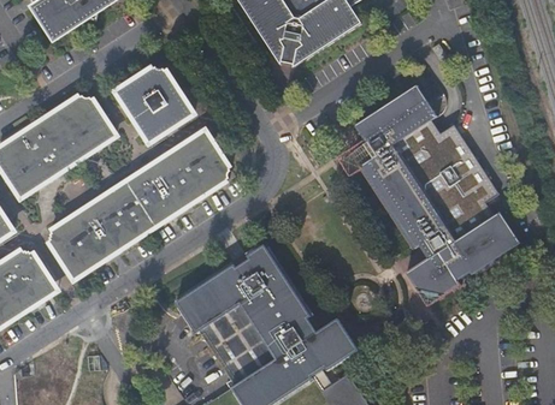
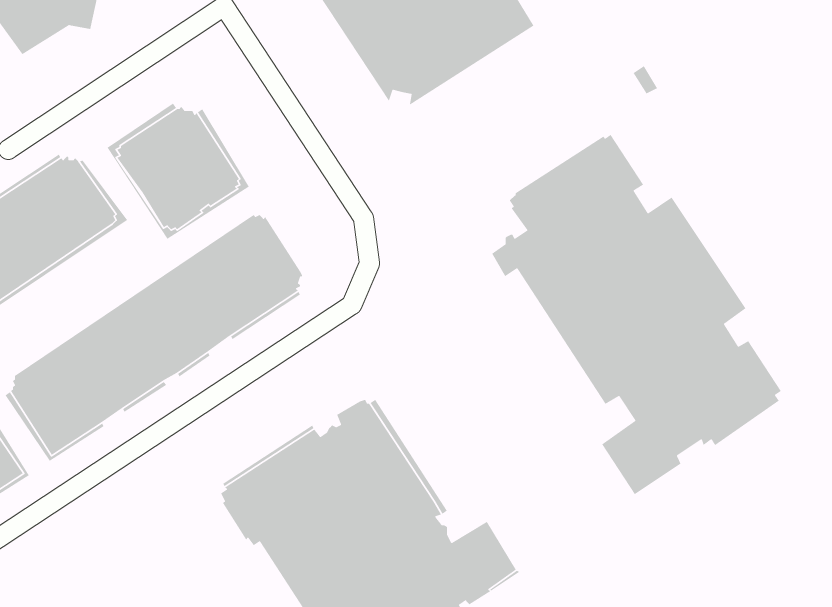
building: [48,125,229,231] -> none

